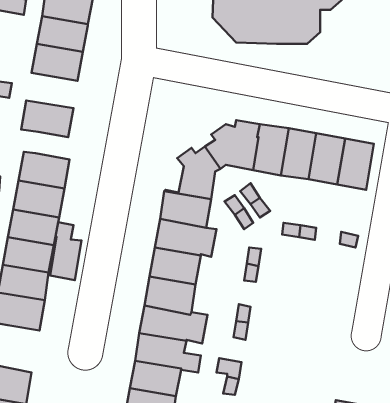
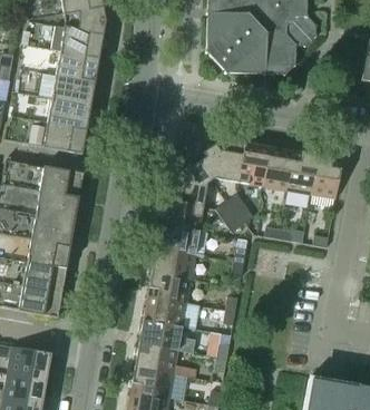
building: none -> [47,99,90,129]
building: [50,222,81,280] -> none

